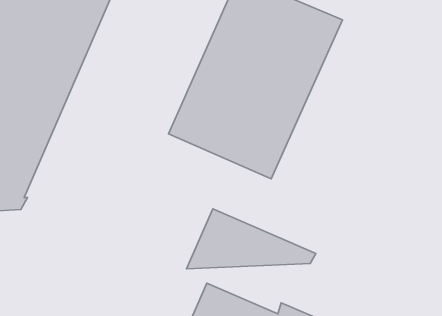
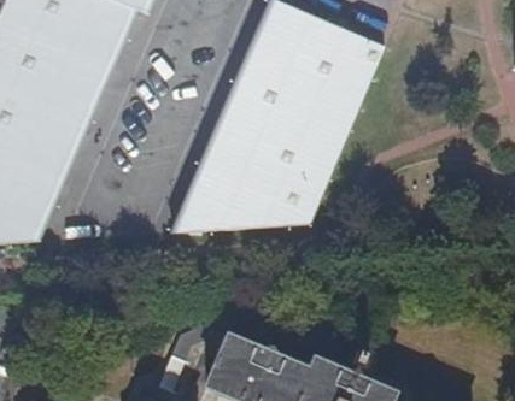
building: [187,209,316,269] -> [164,171,306,237]

